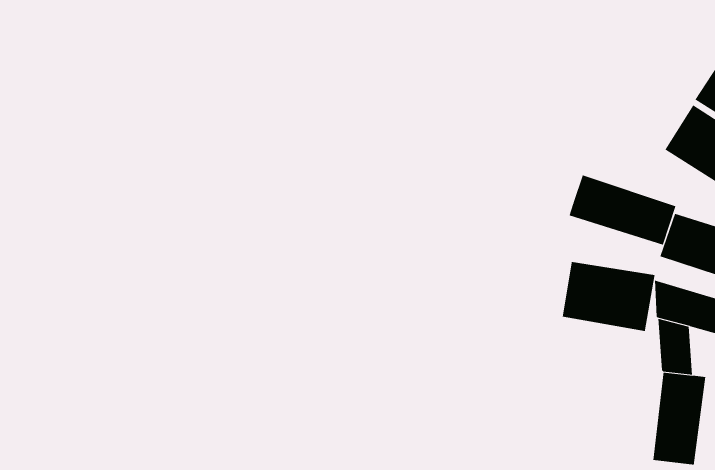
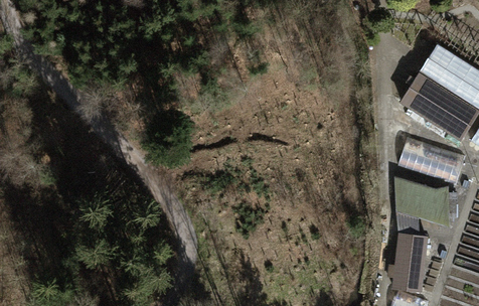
building: [569,174,676,246] -> none
building: [562,261,655,332] -> none

